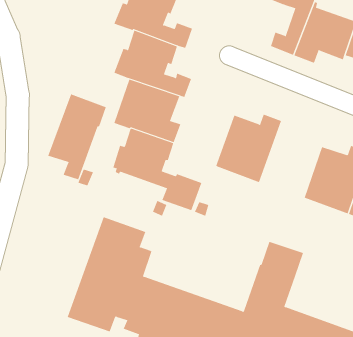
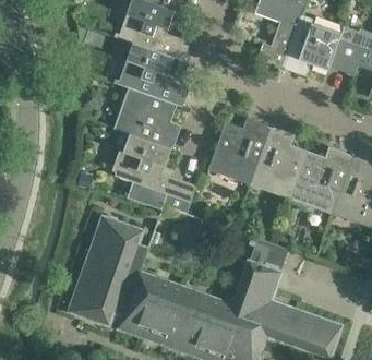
building: [47,93,107,180] -> none
building: none -> [249,128,307,200]

